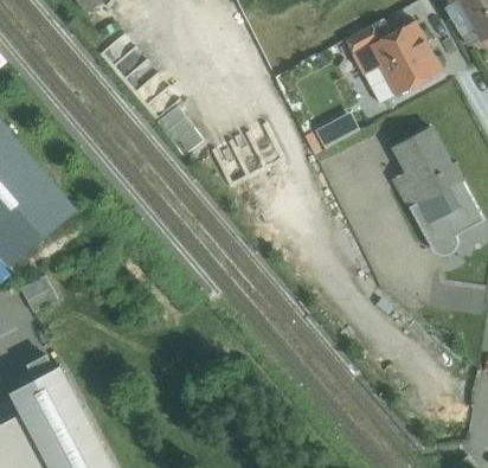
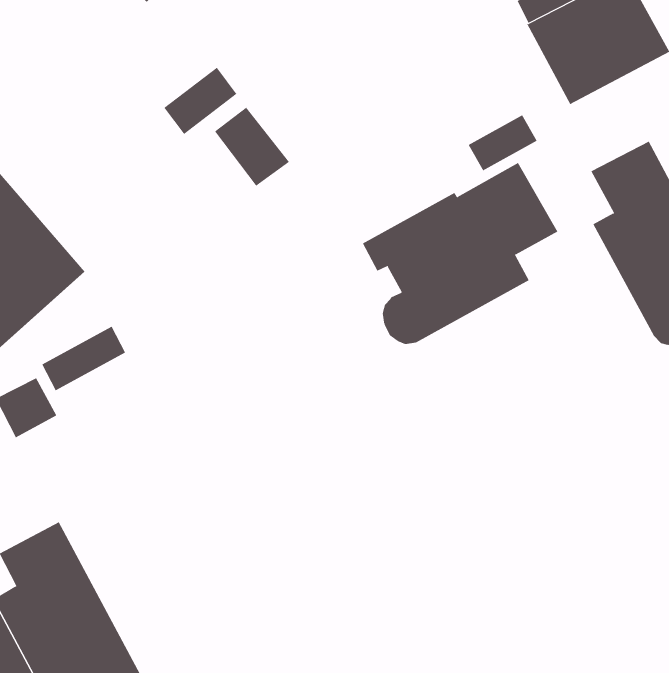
building: none -> [164,67,237,135]
building: none -> [362,162,558,345]
building: none -> [41,326,126,391]

